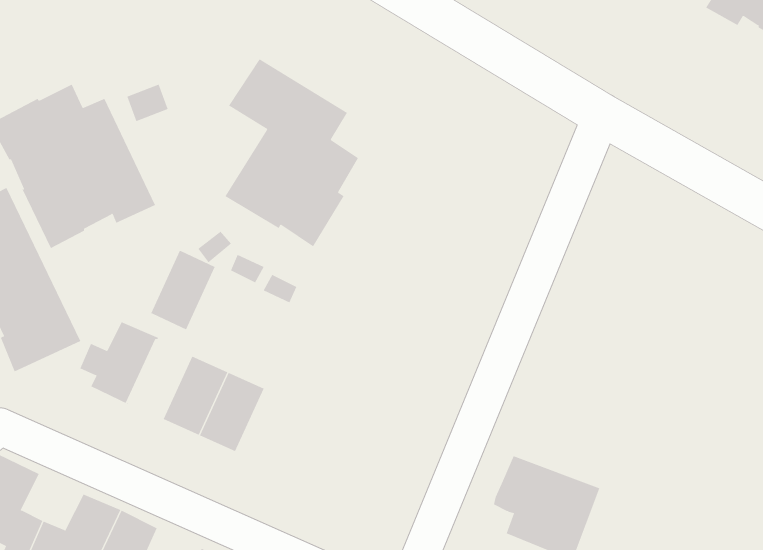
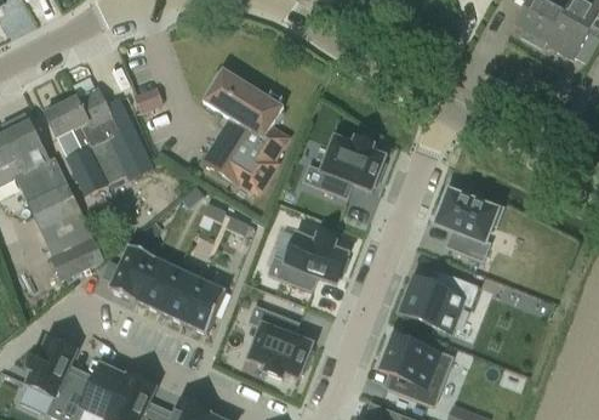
building: none -> [303,138,384,199]
building: none -> [439,192,512,251]
building: [150,250,215,330] -> [135,259,178,312]
building: none -> [267,235,347,291]
building: none -> [401,271,480,333]
building: none -> [247,306,312,379]

